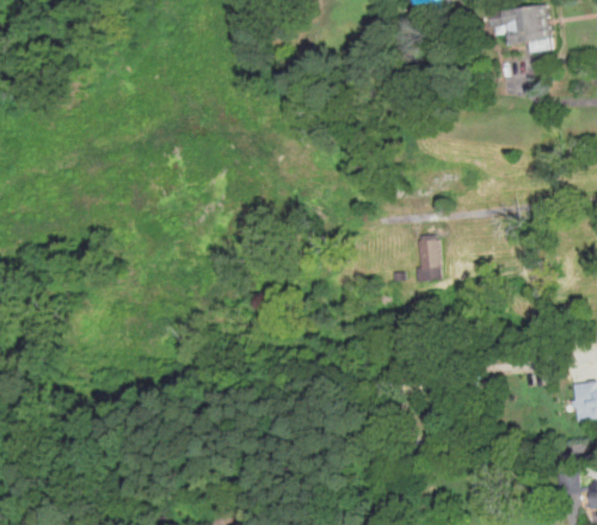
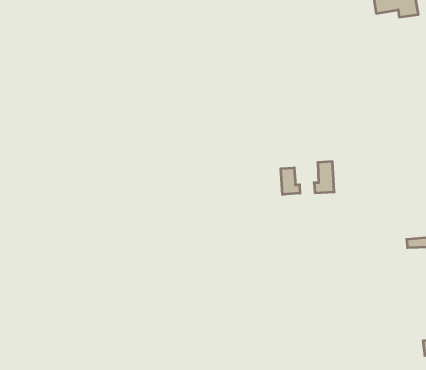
building: none -> [281,168,300,195]

